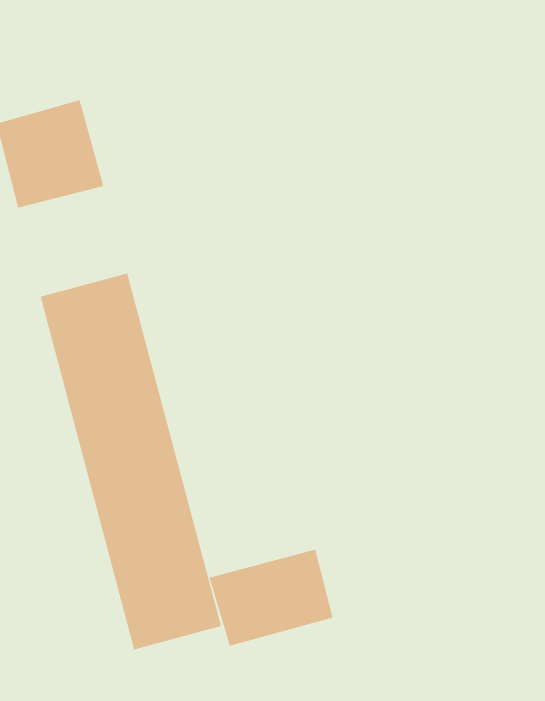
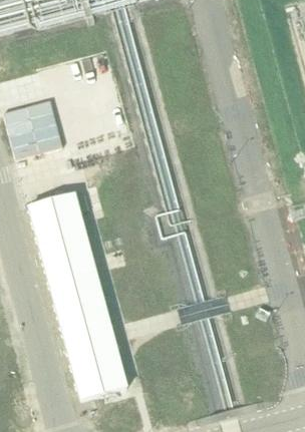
building: [209,549,333,647] -> none

